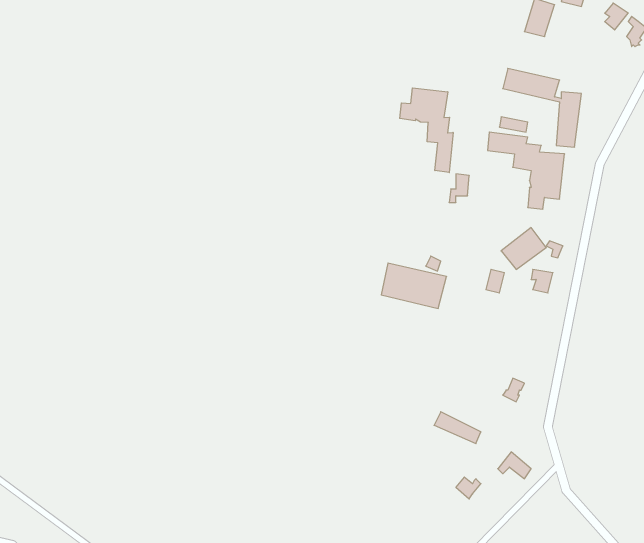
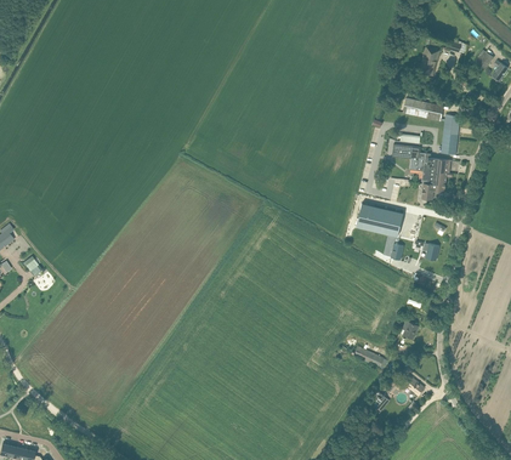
building: [400,88,453,173] -> none
building: [381,263,447,308] -> [357,203,404,235]

